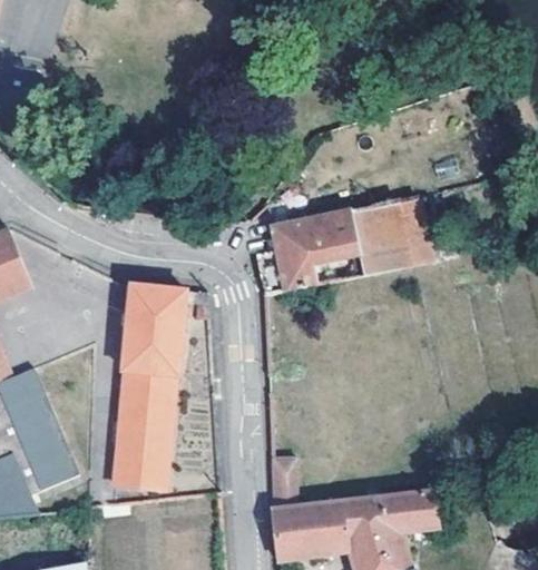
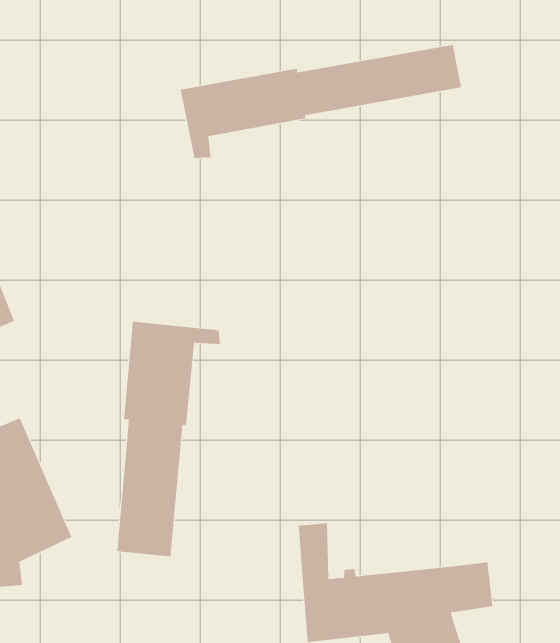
building: none -> [180,44,461,159]
building: [260,199,432,296] -> none

